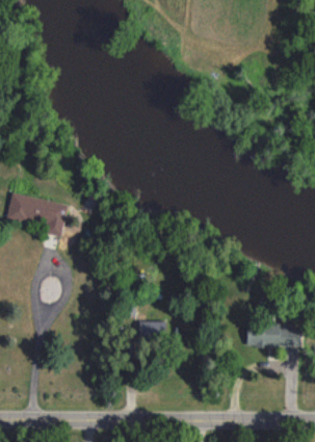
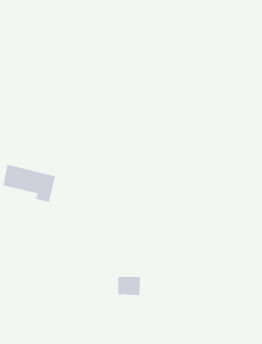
building: [247,322,300,345] -> none

